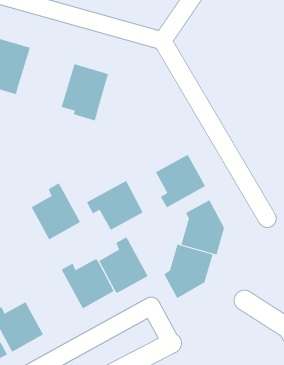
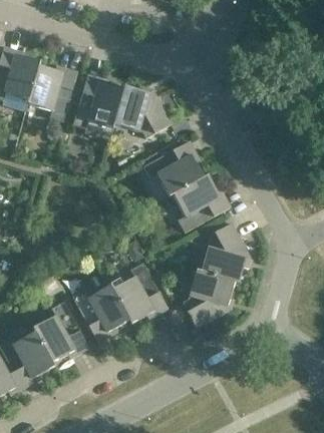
building: none -> [27,63,76,120]
building: none -> [113,84,171,137]
building: [86,180,144,230] -> [142,141,204,194]
building: [31,183,81,240] -> [33,300,86,361]

